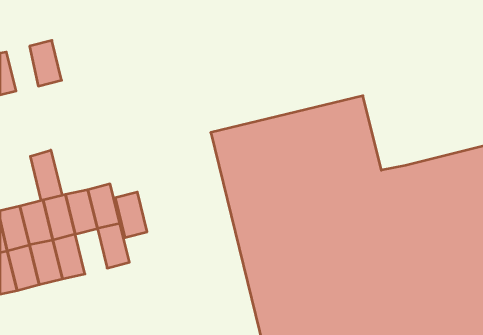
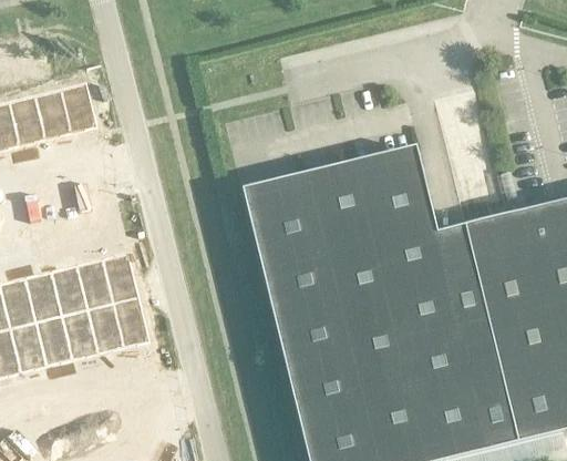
building: none -> [61,82,97,133]
building: none -> [9,94,45,145]
building: [30,150,62,200] -> none
building: [115,192,147,238] -> [87,303,124,355]

